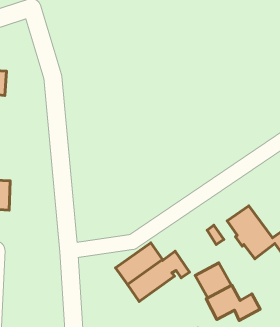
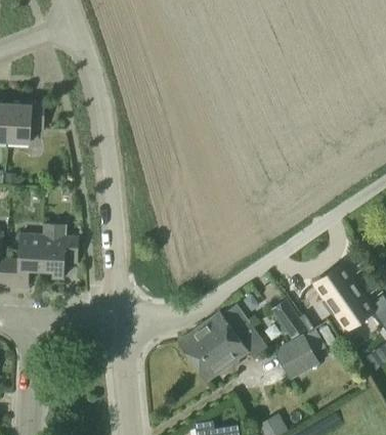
building: none -> [47,234,78,277]
building: none -> [271,300,305,338]
building: [206,285,260,320] -> none

